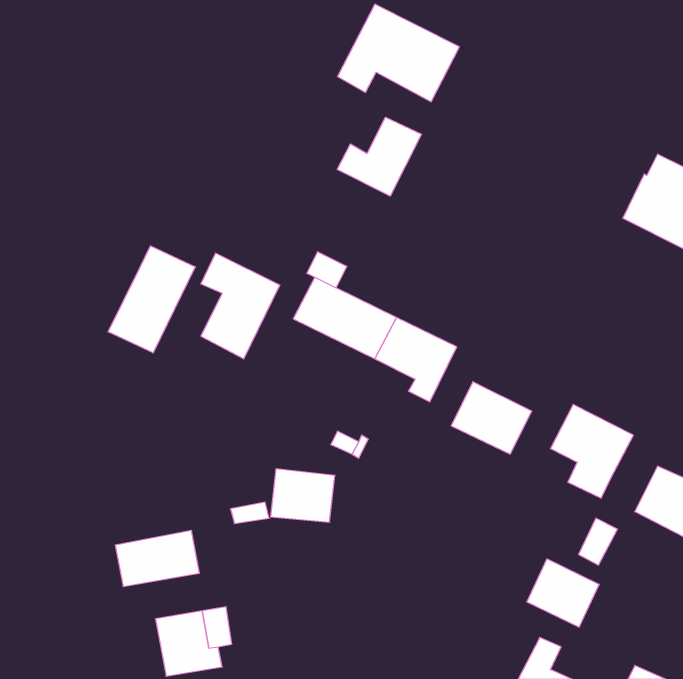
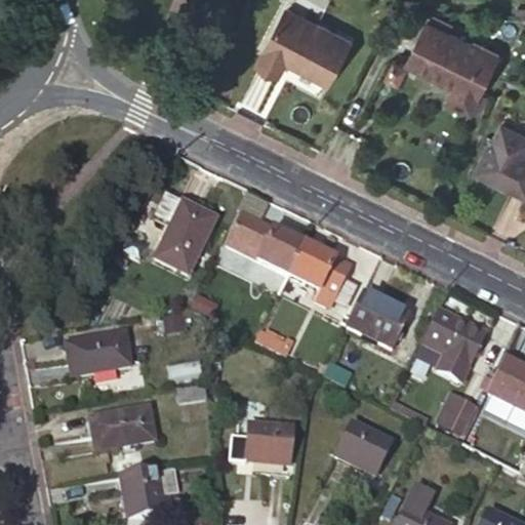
building: none -> [408,16,499,106]
building: [337,117,422,196] -> none
building: [108,246,195,353] -> none
building: none -> [65,331,130,376]
building: [271,469,335,522] -> [244,423,293,465]
building: [527,559,599,627] -> [335,422,391,475]

